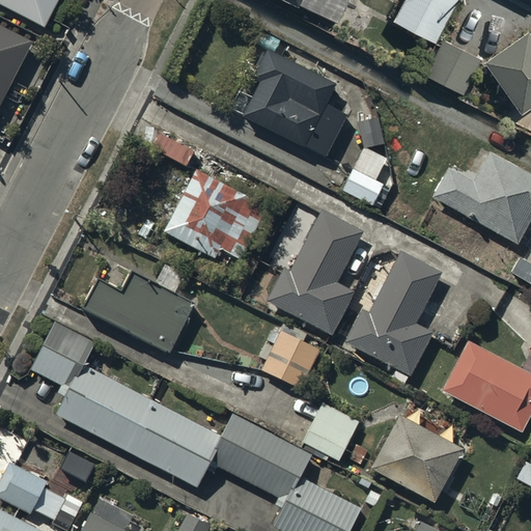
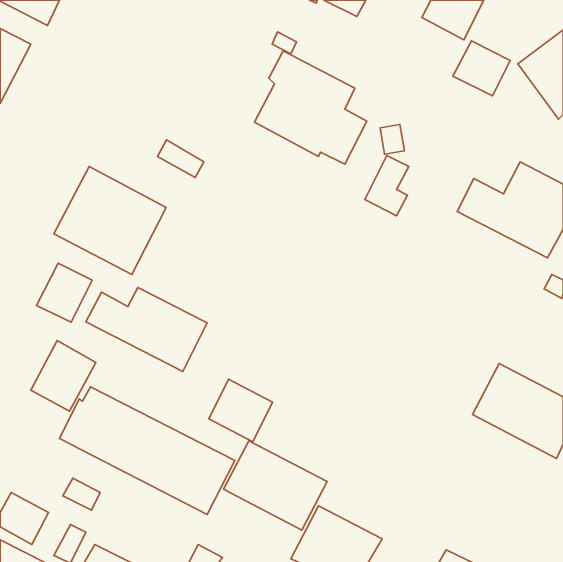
building: [162,168,268,270] -> [54,167,166,275]
building: [267,212,362,336] -> none
building: none -> [37,263,92,322]
building: [345,251,442,376] -> none
building: [259,328,319,387] -> [209,379,273,442]
building: [304,406,358,459] -> none
building: [370,414,462,500] -> none

